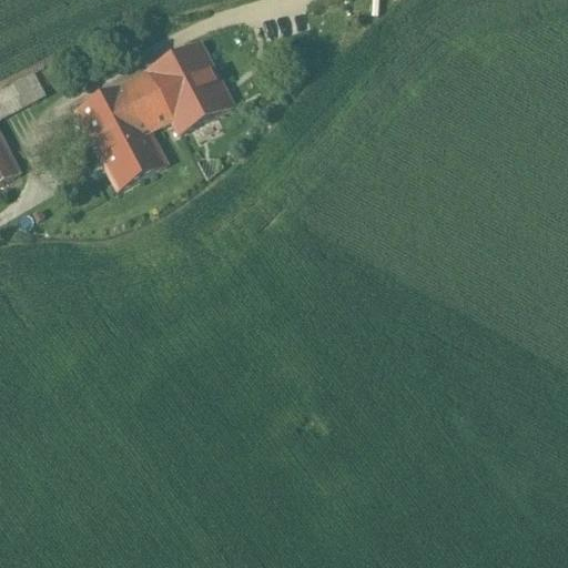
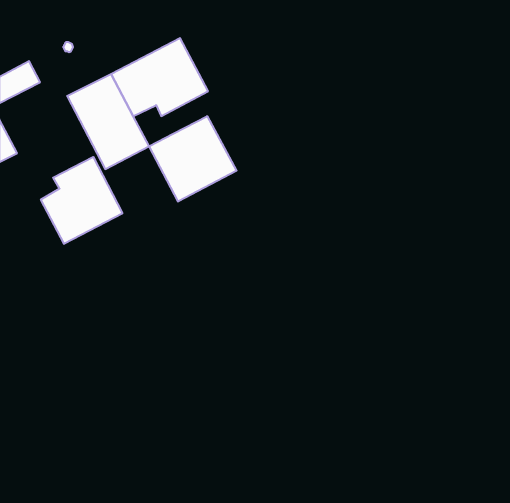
building: none -> [149,116,237,202]
building: none -> [41,157,122,244]

